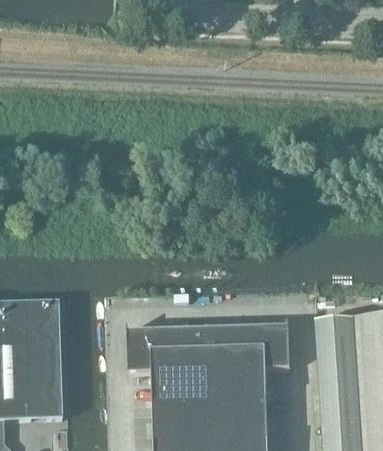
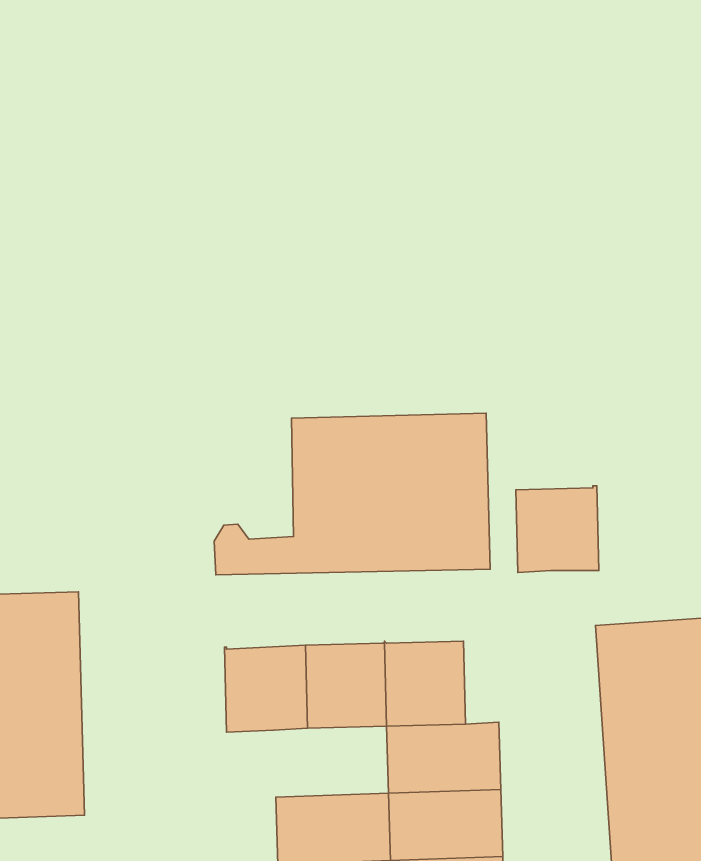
building: none -> [214,413,490,575]
building: [248,323,290,367] -> [516,486,599,573]
building: [152,368,210,404] -> none

